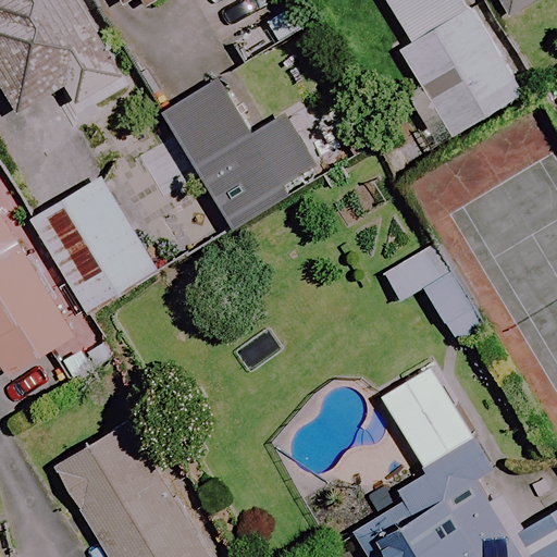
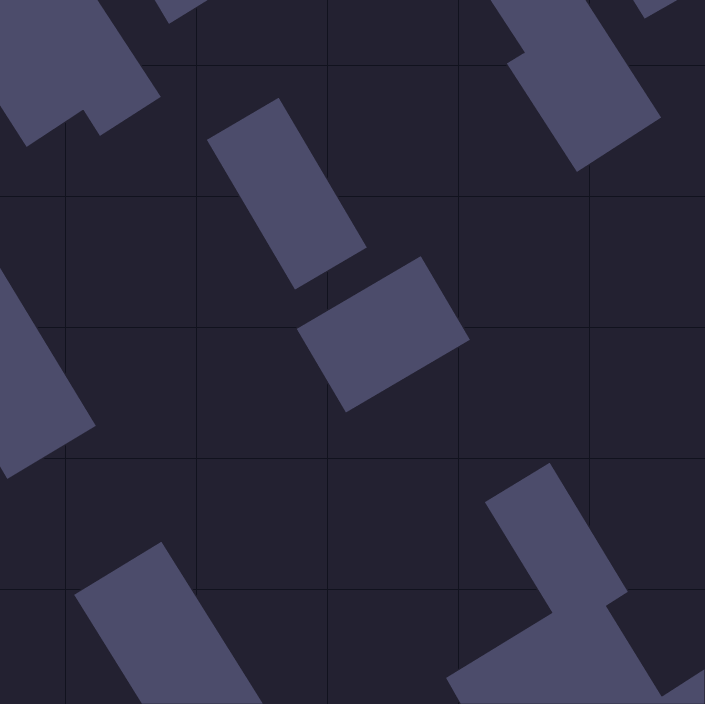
building: [30,175,157,313] -> none
building: none -> [296,255,471,414]
building: [384,245,482,343] -> none

